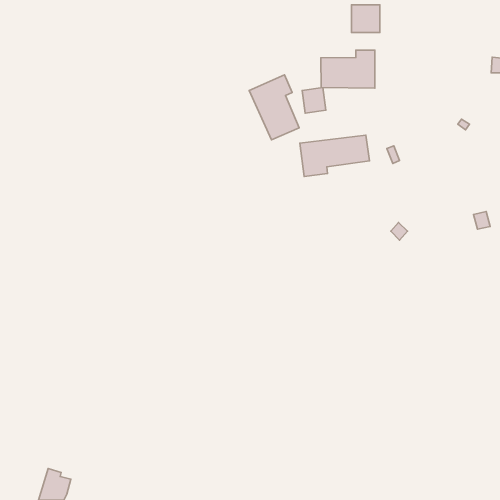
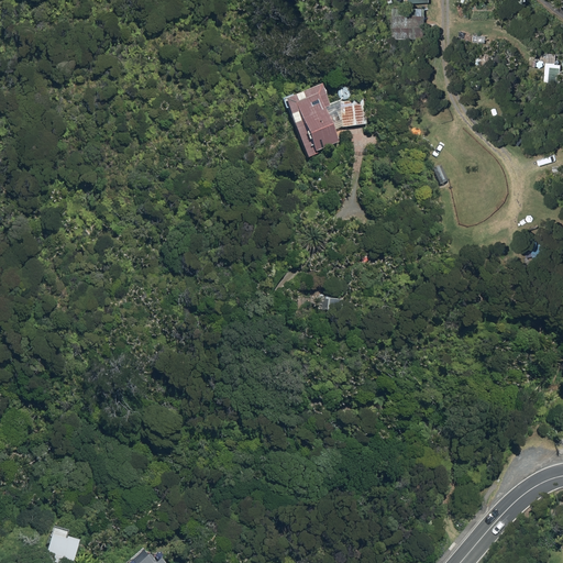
building: [321,50,375,88] -> none
building: [300,135,370,177] -> none

